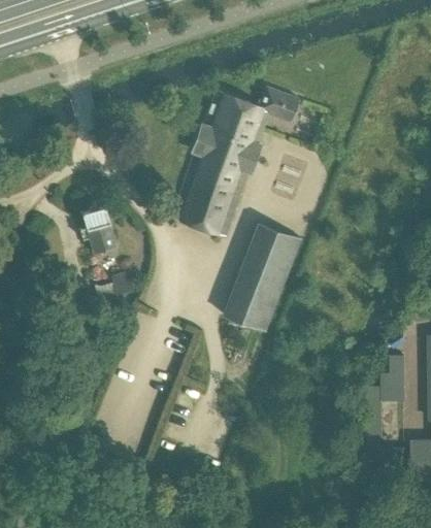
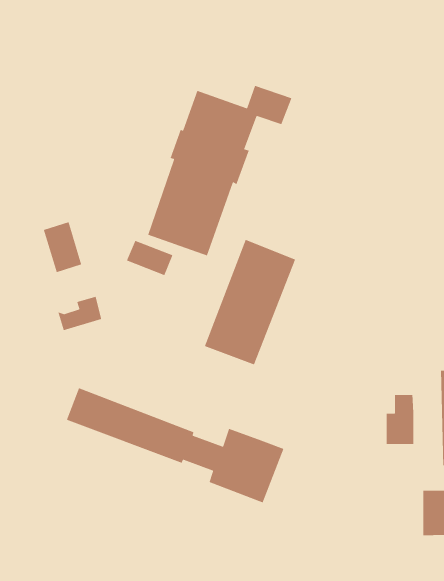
building: none -> [126,240,174,276]
building: none -> [66,387,285,503]

